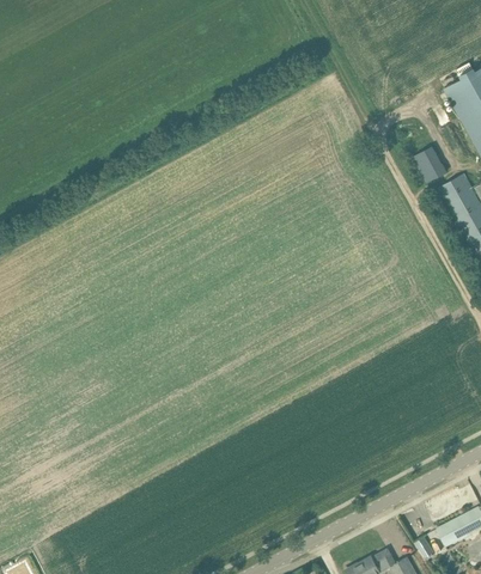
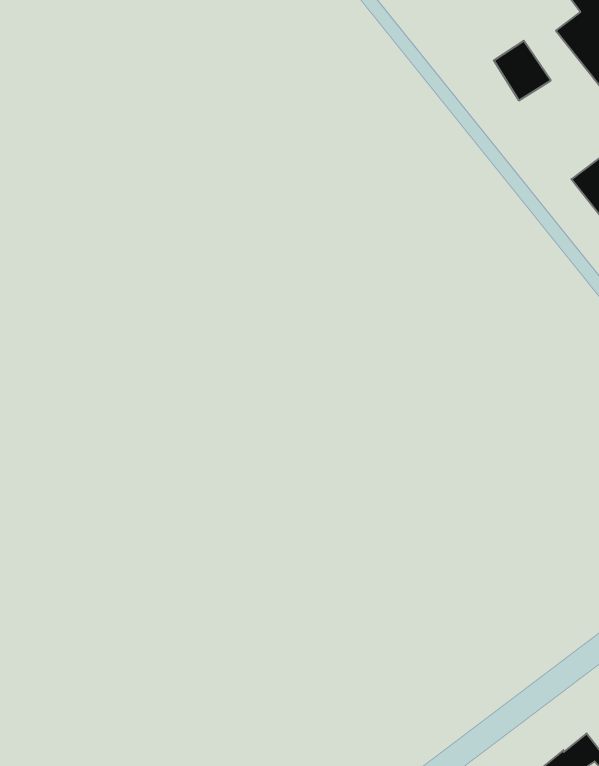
building: [416,145,451,183] -> [494,41,551,100]

